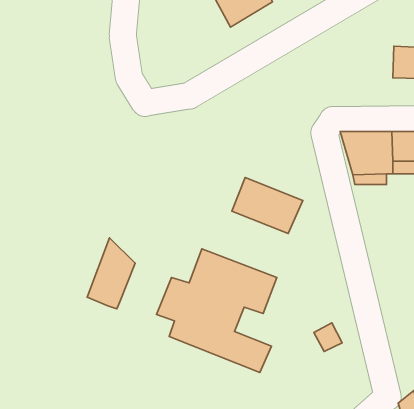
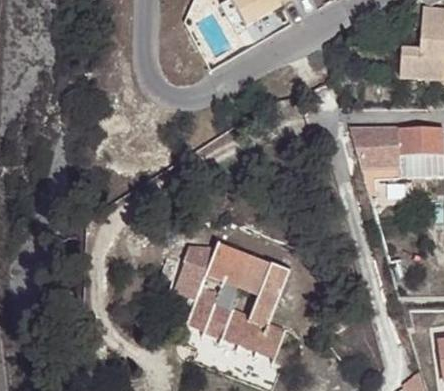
building: [232,178,303,234] -> none
building: [87,238,135,309] -> none

